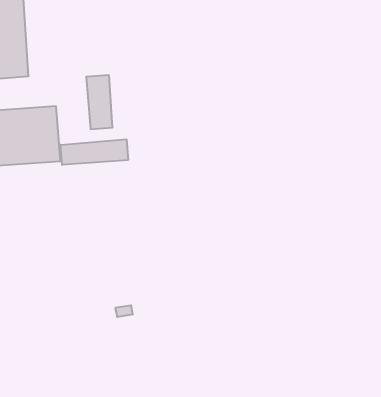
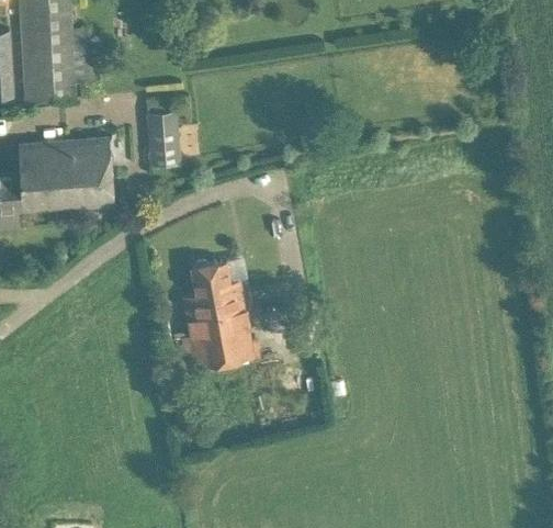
building: [61,139,128,165] -> none
building: none -> [182,259,252,367]

